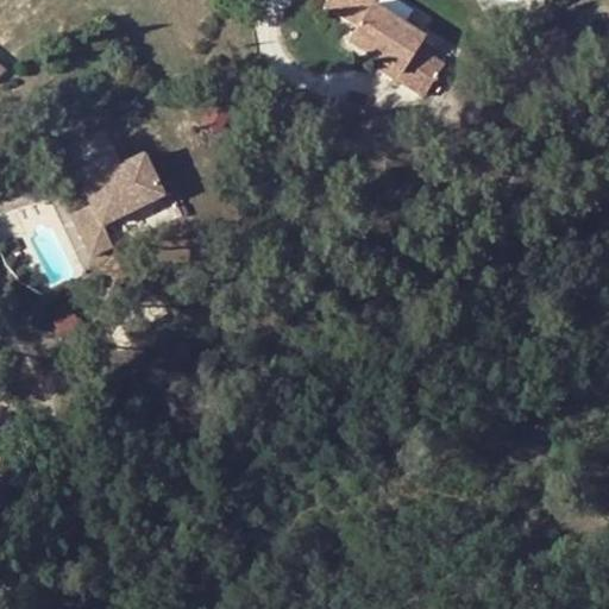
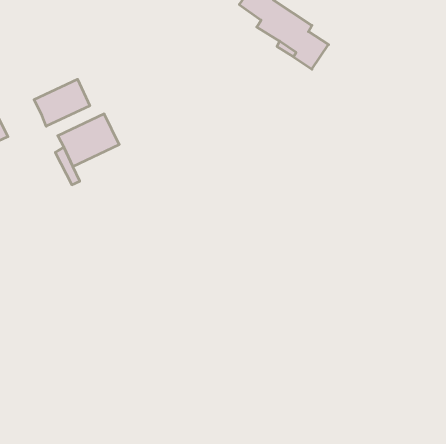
building: none -> [34,79,90,126]

